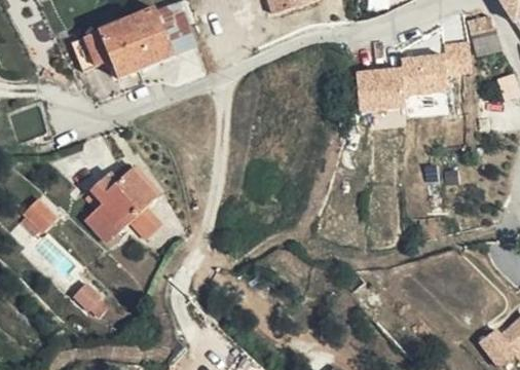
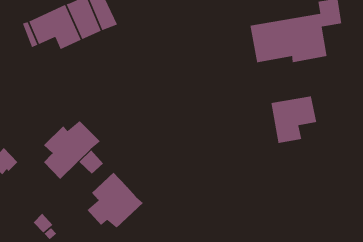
building: none -> [270,96,317,144]
building: none -> [87,172,144,229]

